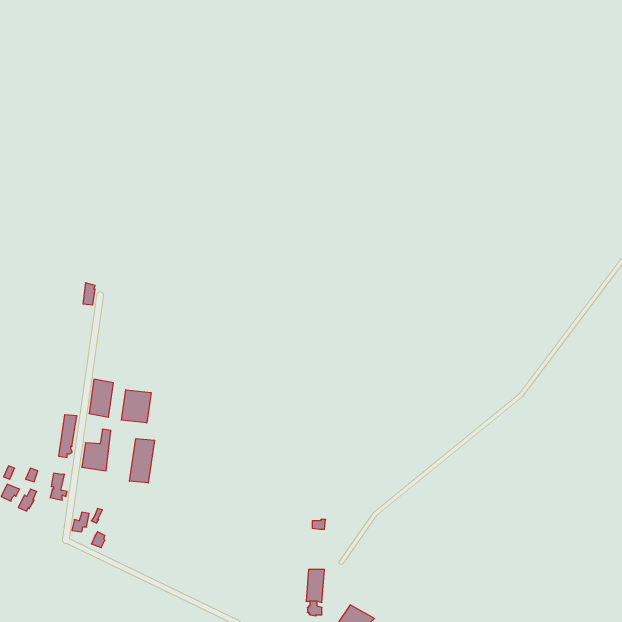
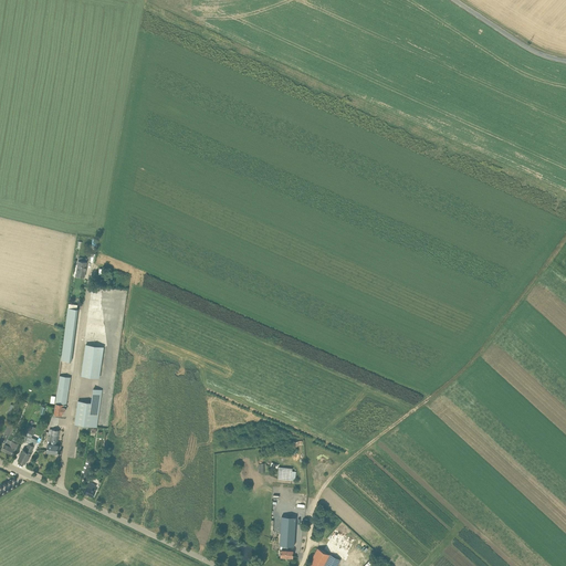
building: [121,390,151,423] -> none
building: [130,439,155,483] -> none

